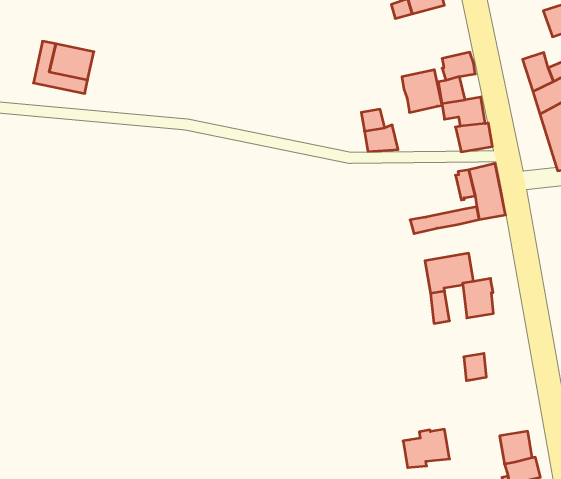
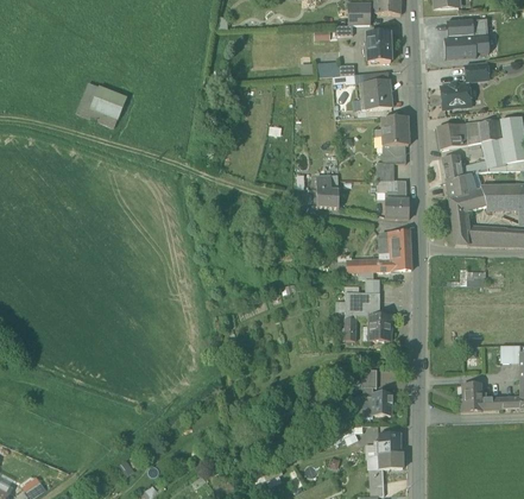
building: none -> [437,122,467,147]
building: [402,70,442,112] -> [381,116,408,145]
building: [403,429,450,468] -> [358,391,390,417]

